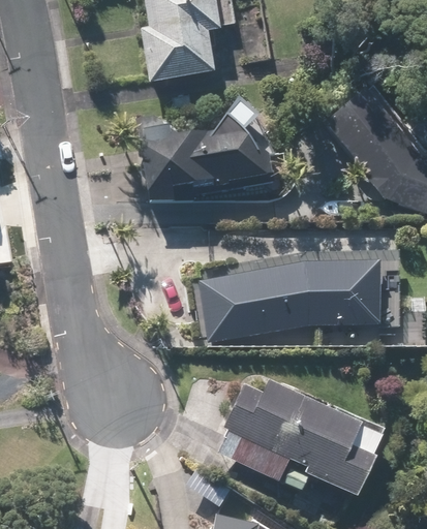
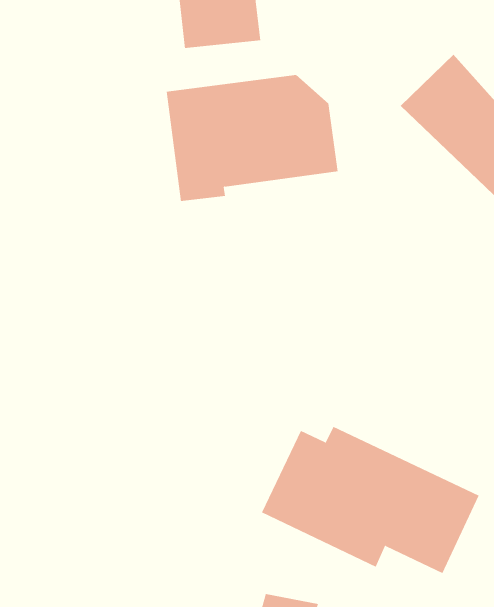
building: [200,260,380,339] -> none

